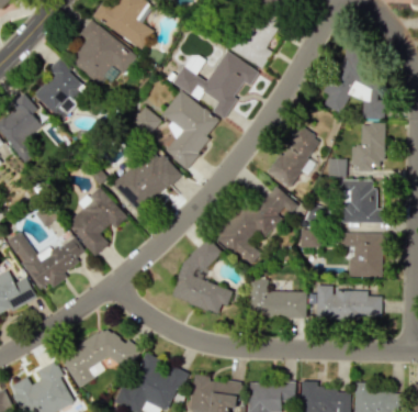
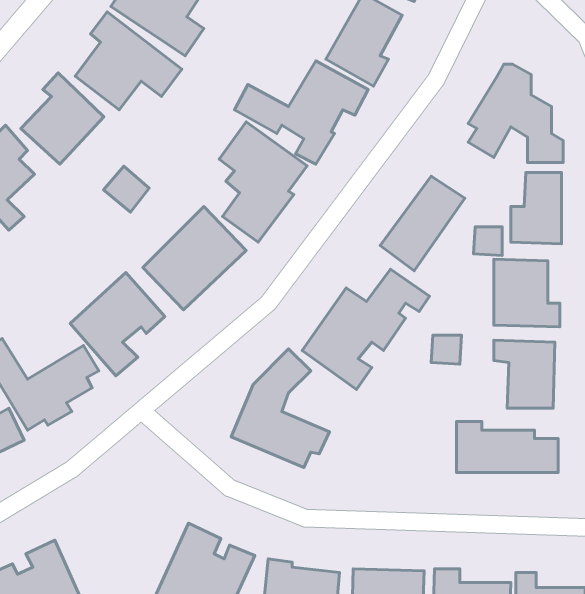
building: [132,105,161,135] -> [104,166,149,212]
building: [249,278,306,316] -> none
building: [63,326,142,387] -> none

